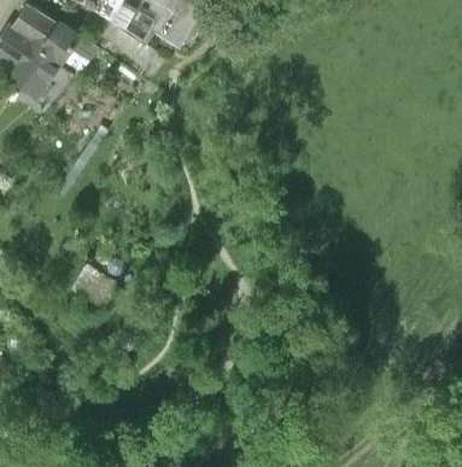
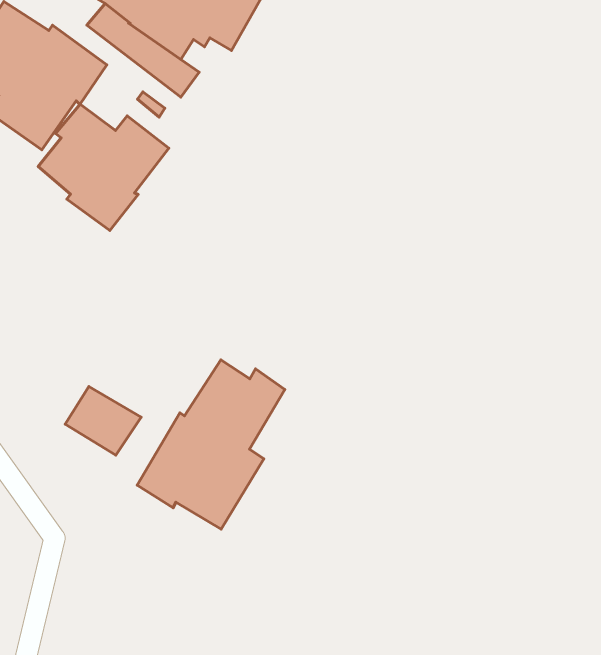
building: none -> [38,104,169,230]
building: none -> [137,360,285,529]

